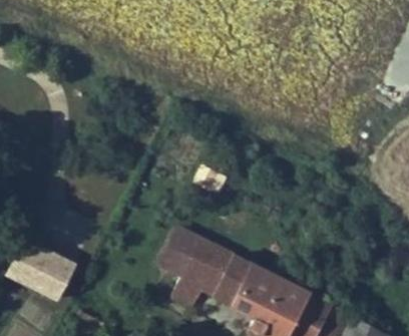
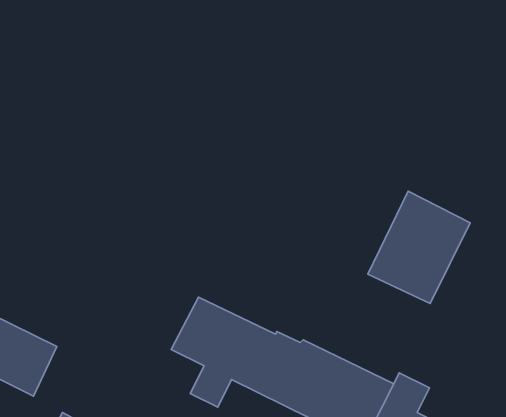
building: none -> [368,191,470,304]

